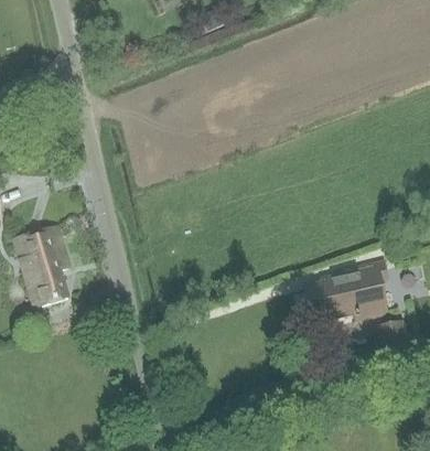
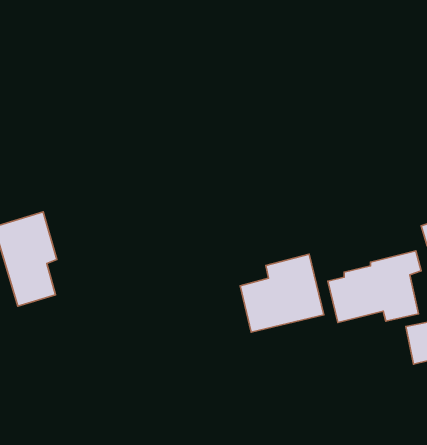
building: none -> [240,254,324,332]

